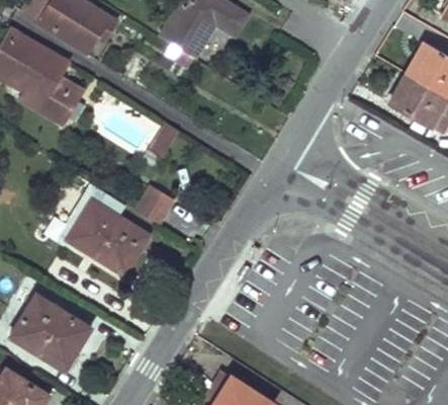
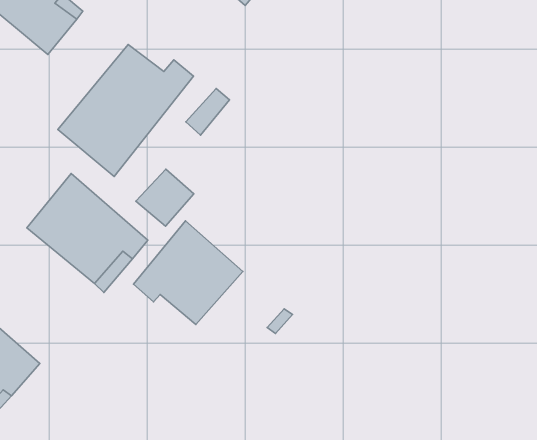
building: none -> [58,44,193,176]
building: none -> [133,221,243,325]

